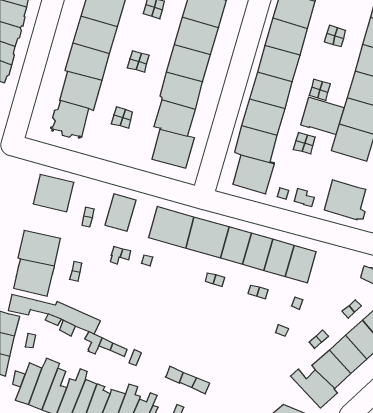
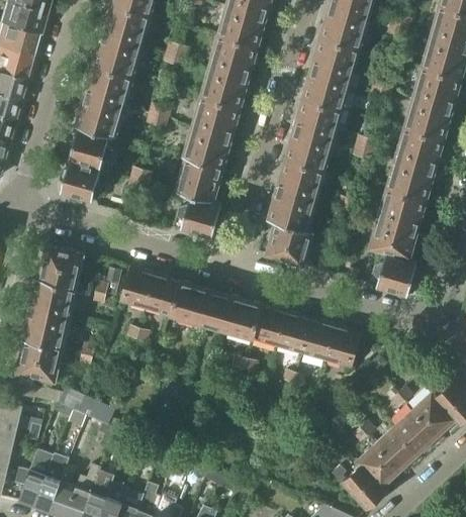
building: [301,97,344,135] -> [369,217,418,260]
building: none -> [146,274,180,316]
building: none -> [28,278,77,317]

